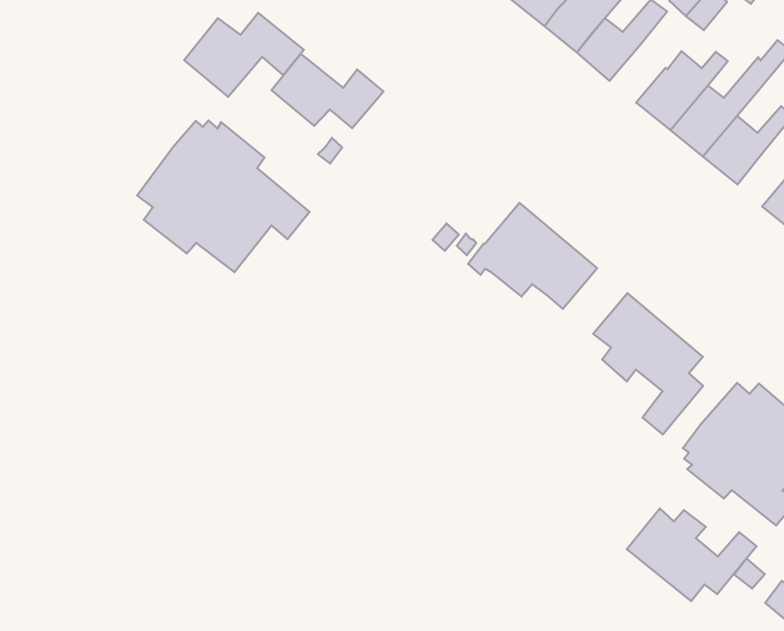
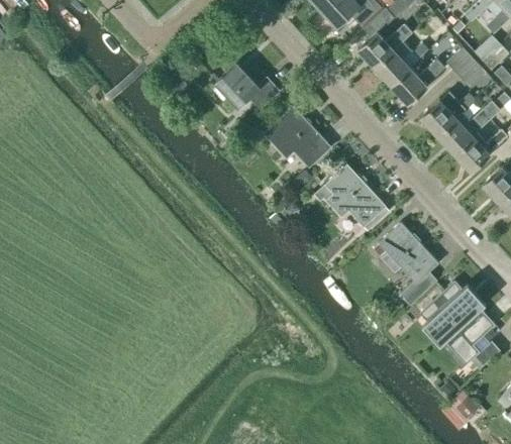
building: [184,13,304,97] -> none
building: none -> [265,106,331,169]
building: [137,120,310,272] -> none
building: [627,509,757,601] -> none

